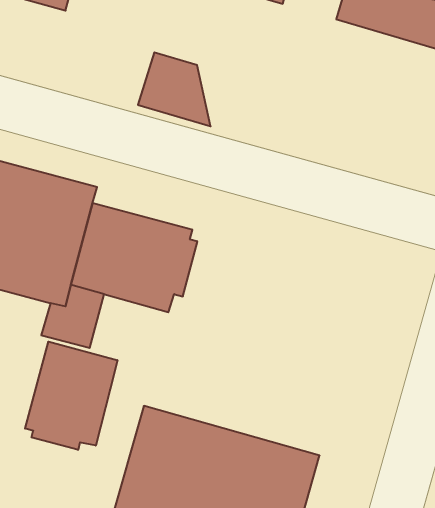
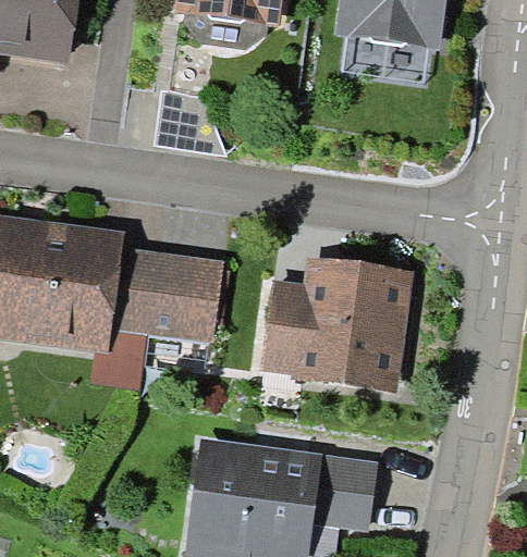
building: none -> [258,255,414,391]
building: [25,342,117,450] -> none

